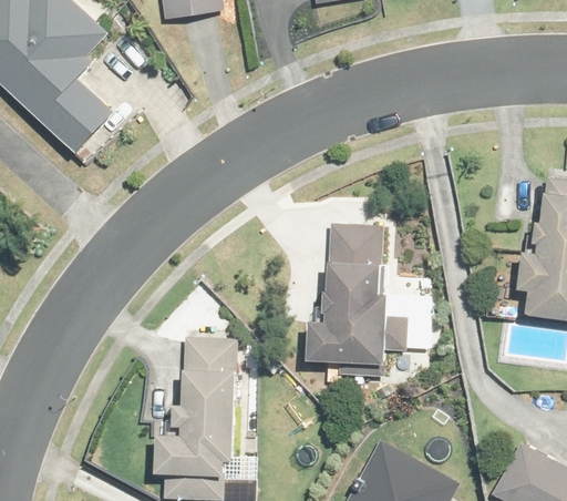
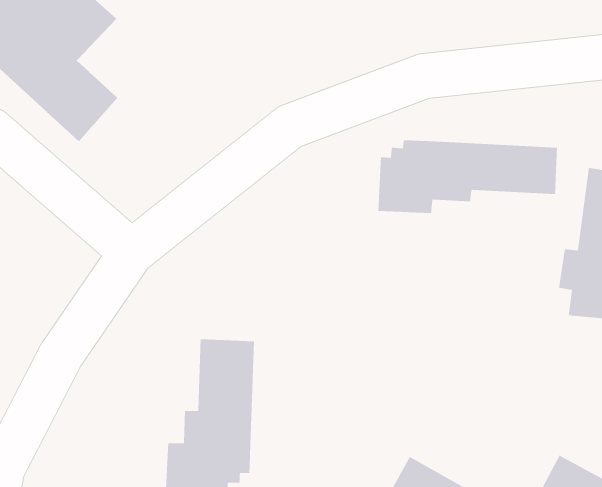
building: none -> [377,139,558,214]
building: [308,225,404,364] -> none

